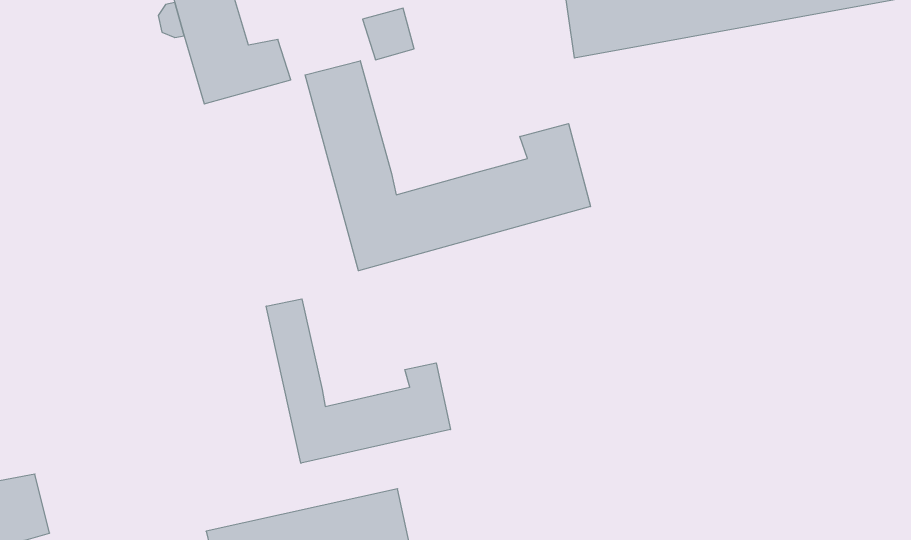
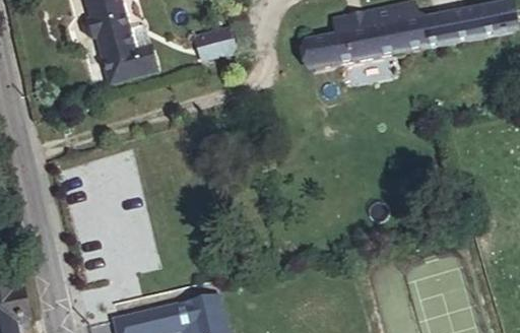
building: [305,61,590,271] -> none
building: [266,299,450,463] -> none

